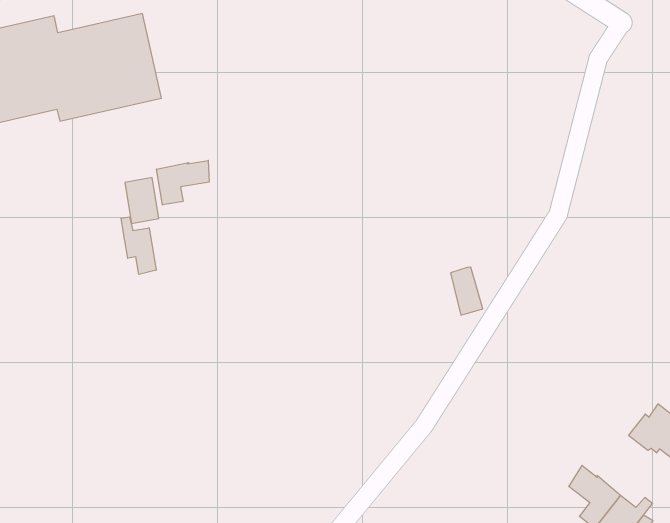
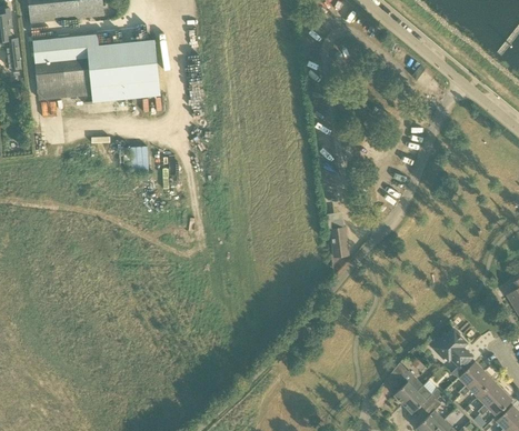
building: [156,160,209,205] -> none
building: [121,217,156,274] -> none

